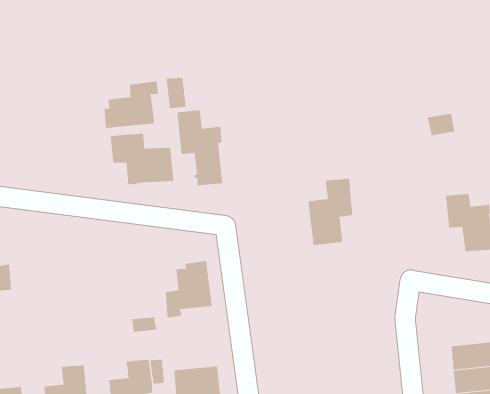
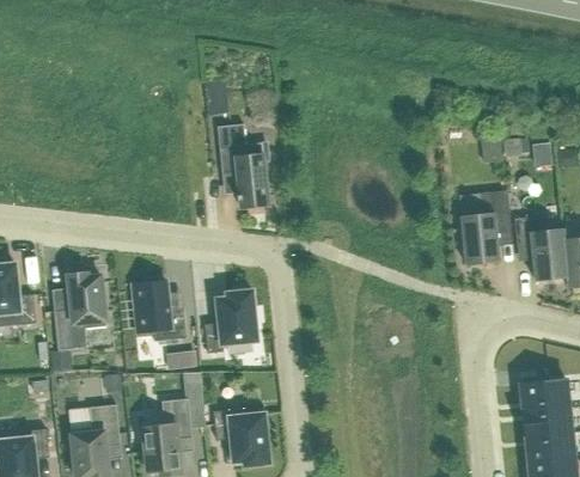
building: [104,80,158,129] -> none
building: [110,133,174,185] -> none
building: [308,178,353,245] -> [460,190,511,264]
building: none -> [54,271,106,349]
building: none -> [133,276,187,341]

